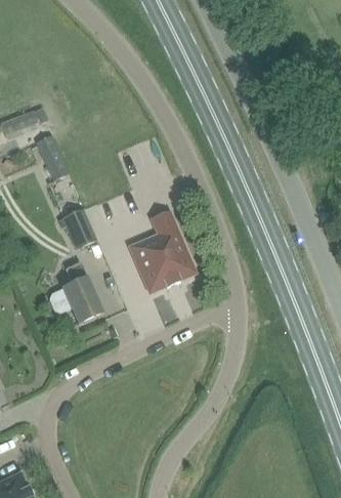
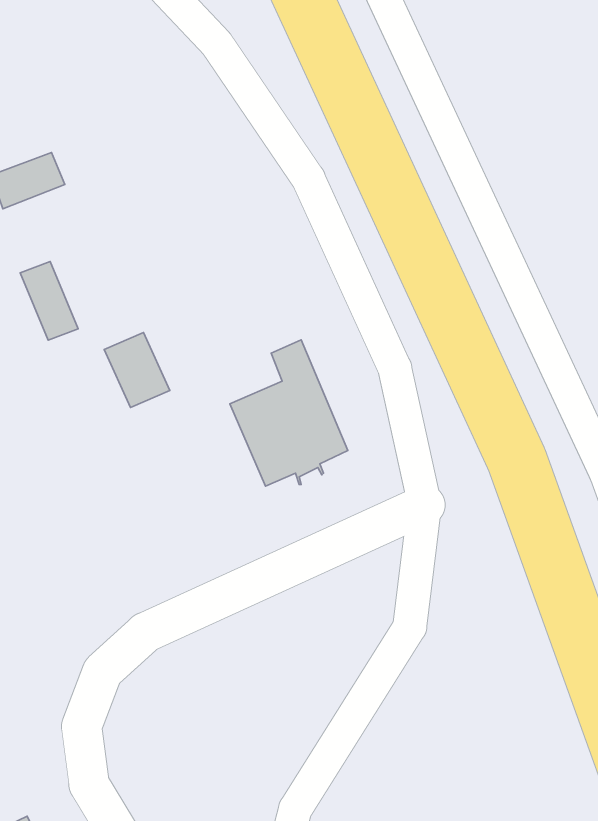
building: [38,135,70,178] -> [20,261,78,340]
building: [50,262,101,324] -> none

